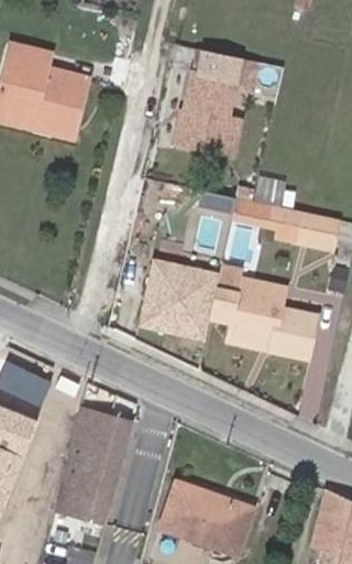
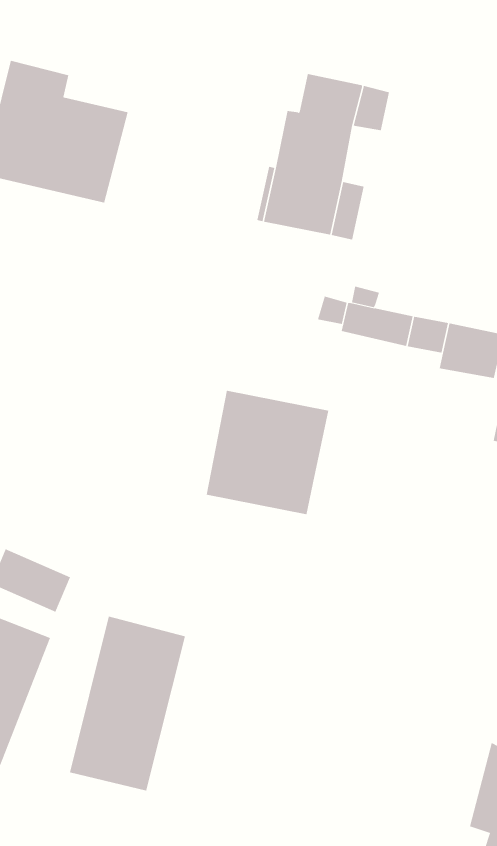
building: [210,265,316,359] -> none
building: [157,476,250,550] -> none

